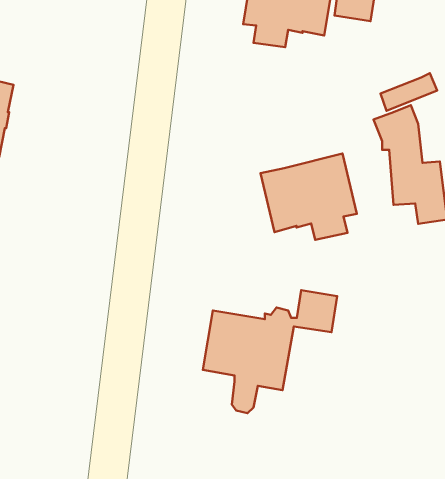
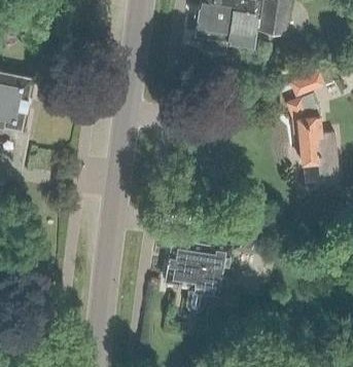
building: [261,154,357,240] -> none

